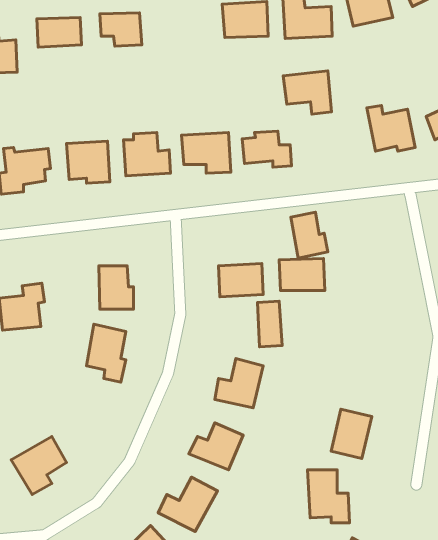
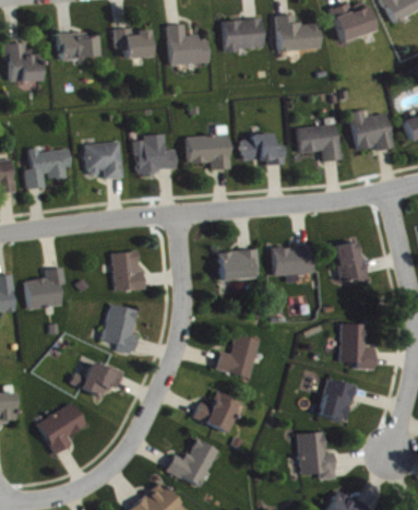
building: none -> [168,24,208,66]
building: [283,71,331,114] -> [298,123,341,162]
building: [291,212,328,258] -> [334,241,367,282]
building: [258,301,282,347] -> none
building: none -> [339,324,375,370]
building: none -> [70,361,123,399]

